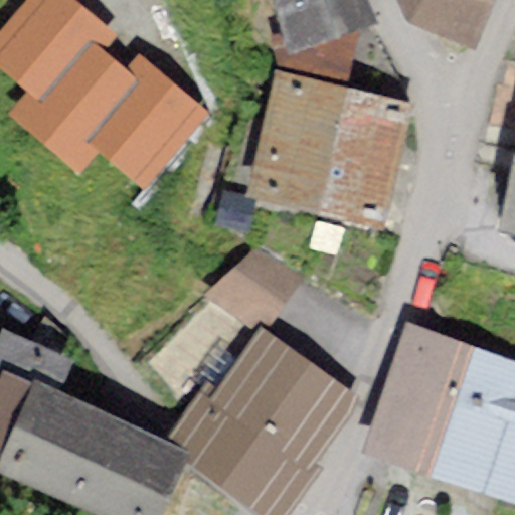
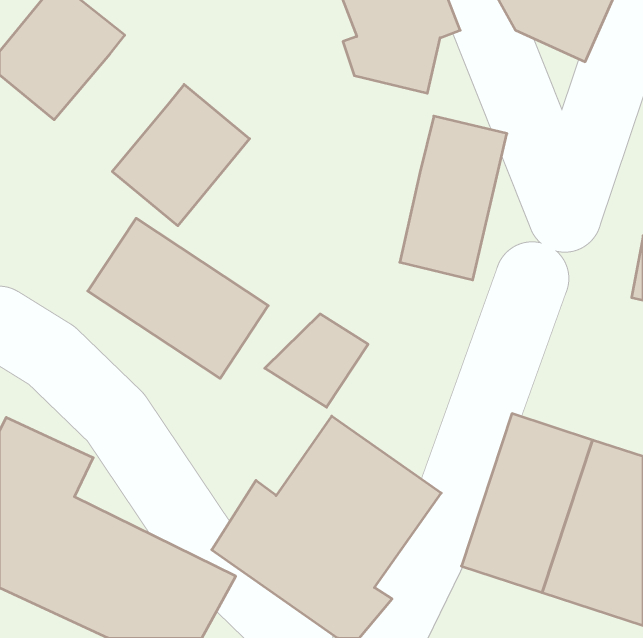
building: [23,43,135,160] -> none
building: [254,78,346,209] -> none
building: none -> [88,218,268,378]

